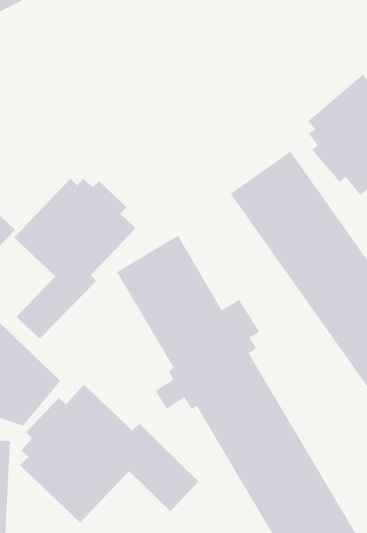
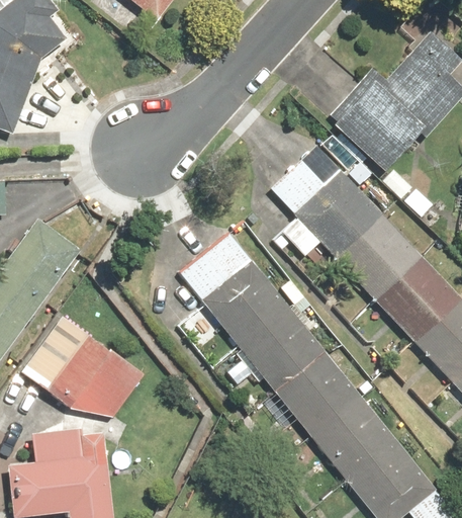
building: [14,178,137,340] -> none
building: [19,384,199,524] -> none

